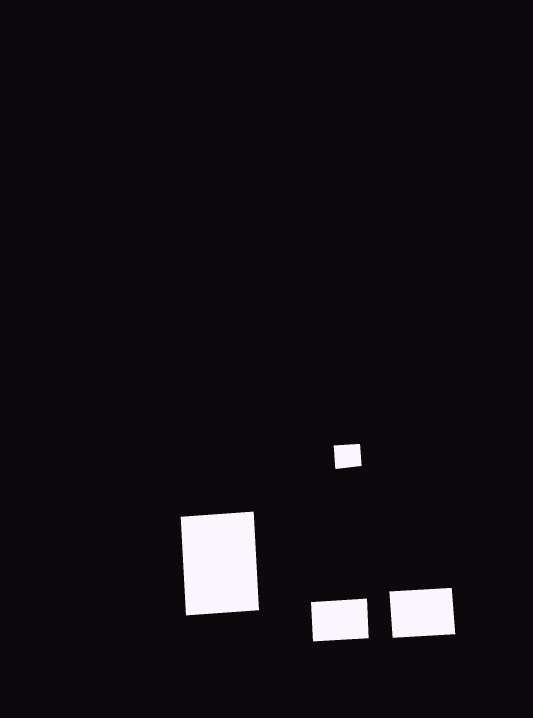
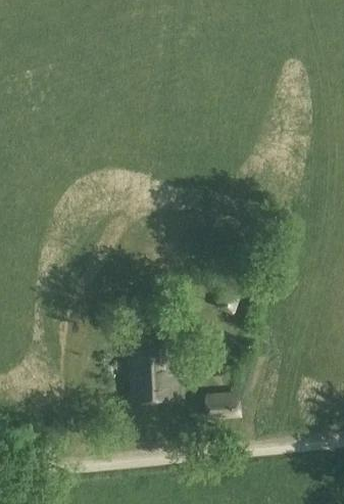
building: [389,587,456,639] -> none

